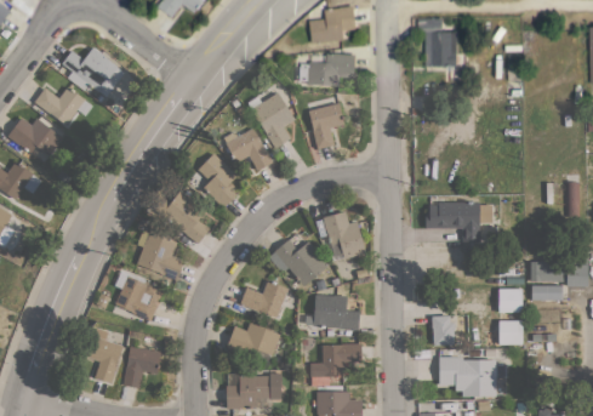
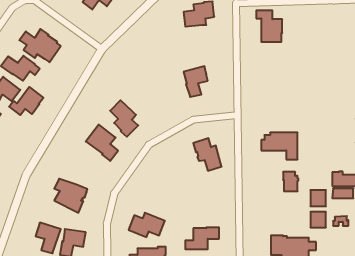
building: [307,52,354,86] -> none
building: [251,91,295,148] -> none
building: [226,127,273,170] -> none
building: none -> [9,87,43,115]
building: [137,230,183,280] -> none
building: [269,239,329,286] -> none
building: [240,280,289,318] -> none
building: [304,294,360,330] -> none
building: [432,315,455,344] -> [283,172,298,191]

